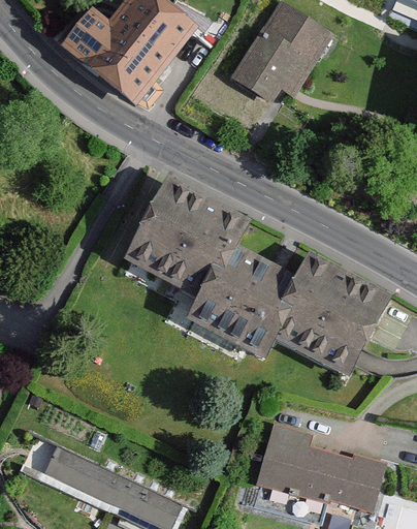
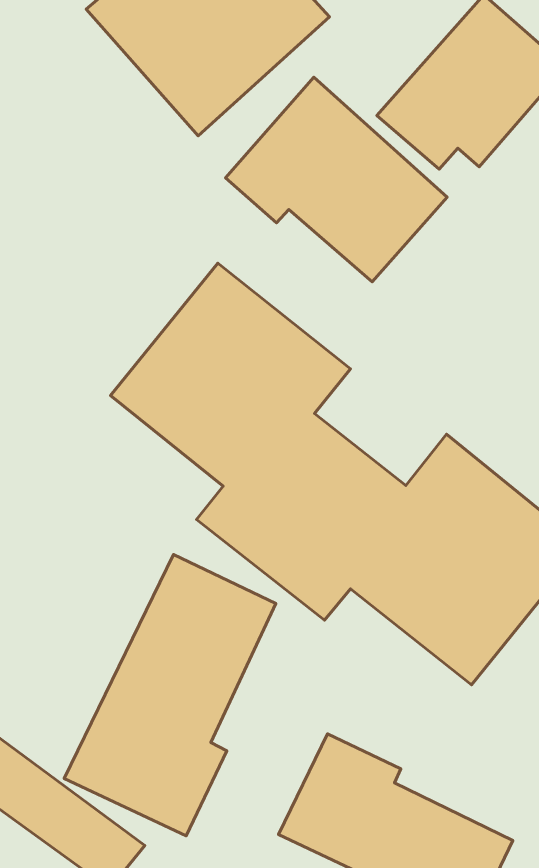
building: none -> [225,77,447,282]
building: none -> [64,554,276,836]

